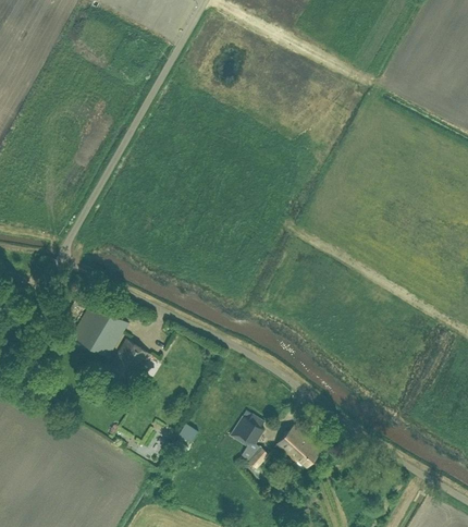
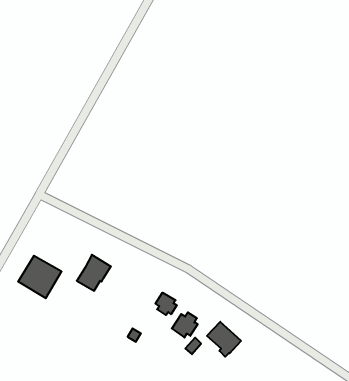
building: [72,302,128,357] -> [18,256,62,298]
building: none -> [155,293,177,315]

